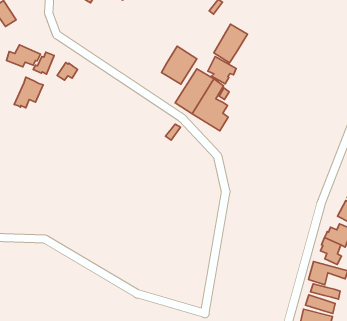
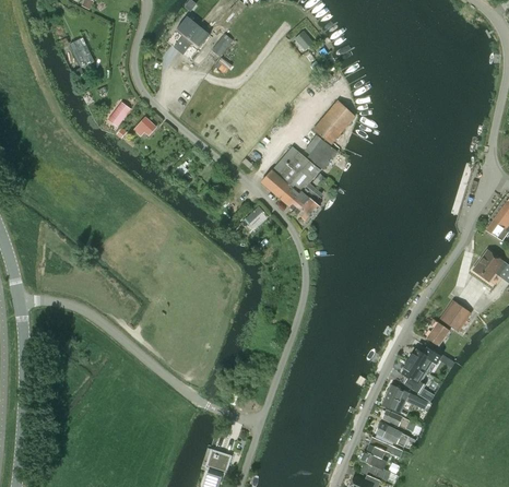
building: [7,45,40,67] -> none
building: [162,46,197,84] -> none
building: [14,77,43,108] -> none

